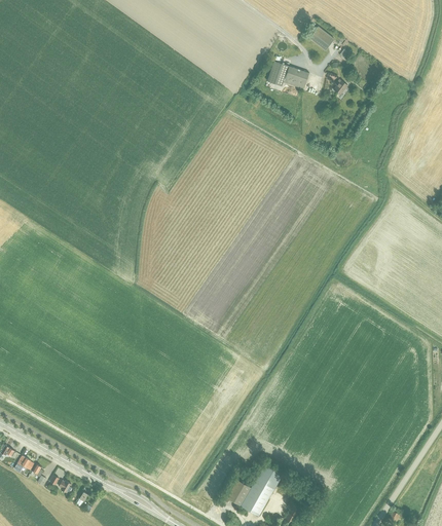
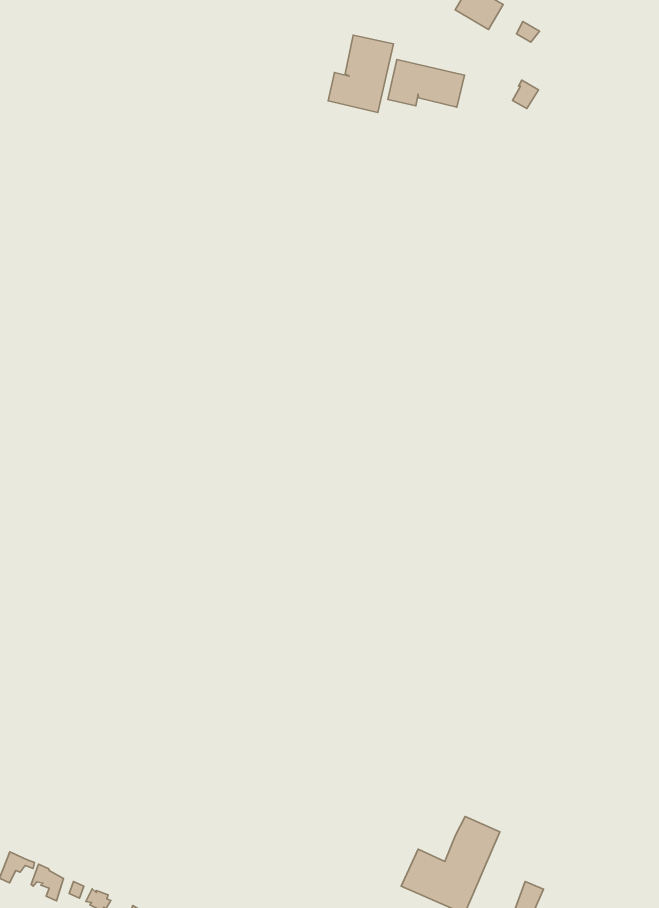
building: none -> [328,35,394,112]

